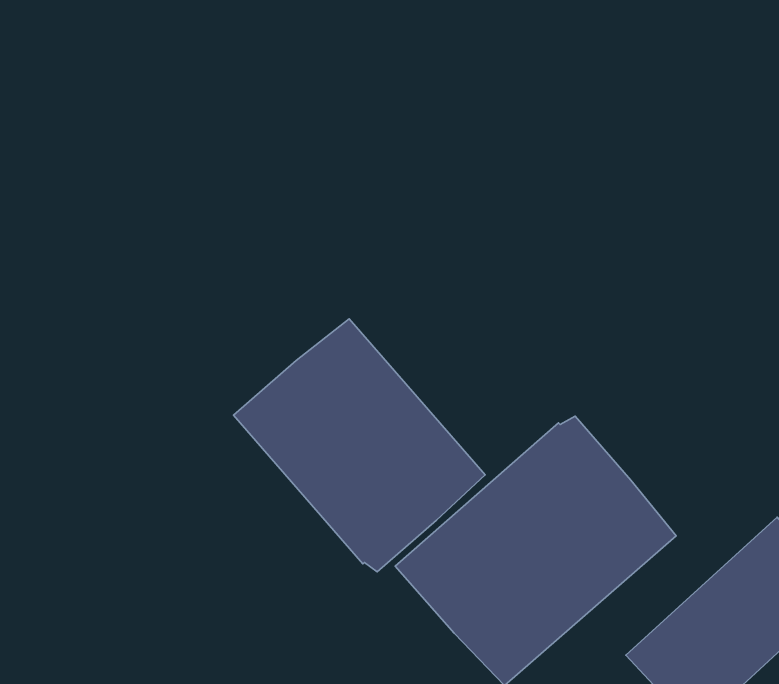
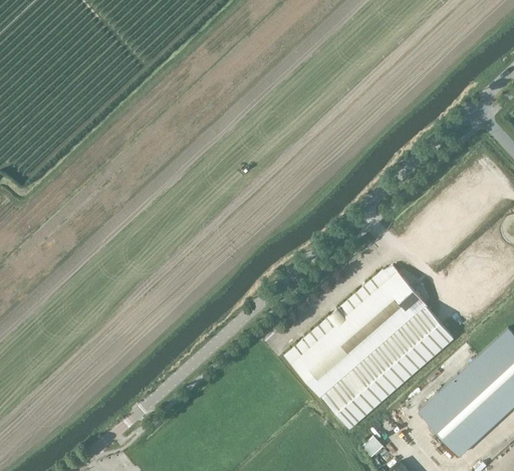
building: [233,319,485,572] -> none

